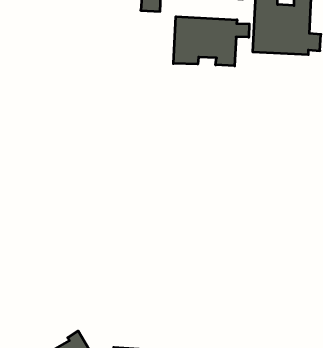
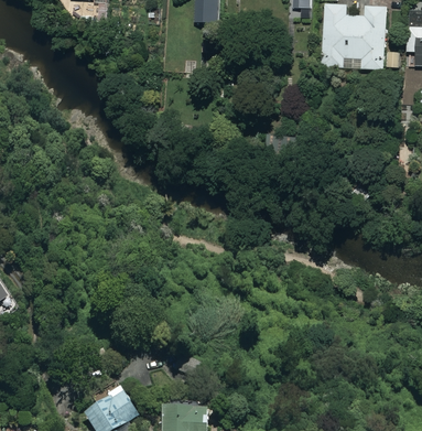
building: [173,17,249,66] -> none

